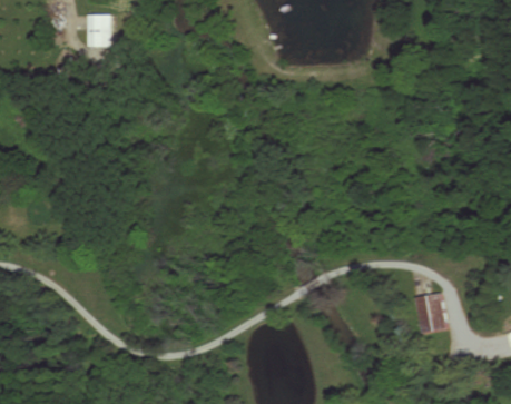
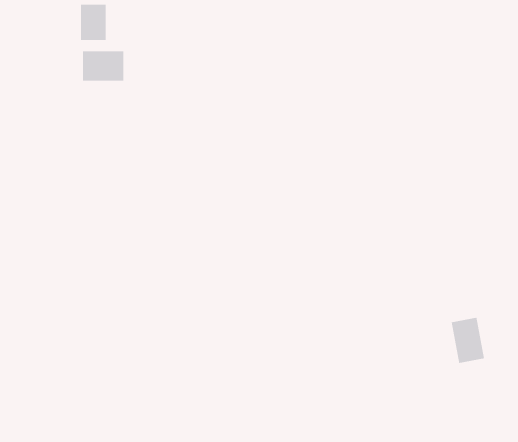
building: none -> [82,50,124,82]

